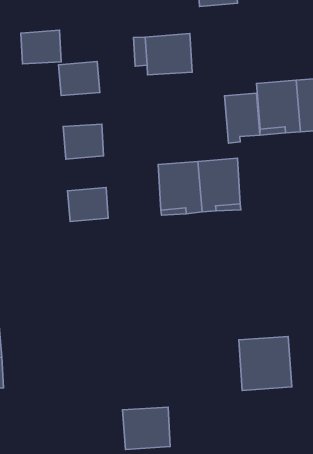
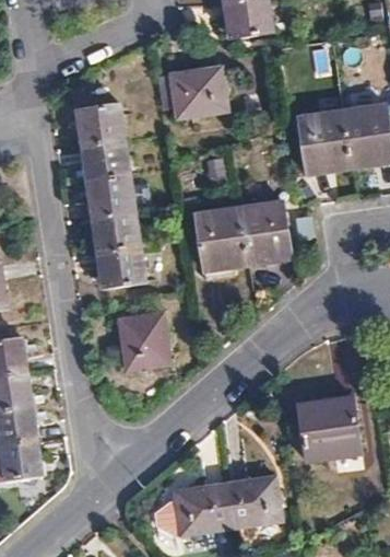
building: [21,30,61,64] -> [82,139,129,179]
building: [225,93,260,143] -> none
building: none -> [92,209,139,251]
building: none -> [118,313,168,369]
building: none -> [224,476,280,526]

